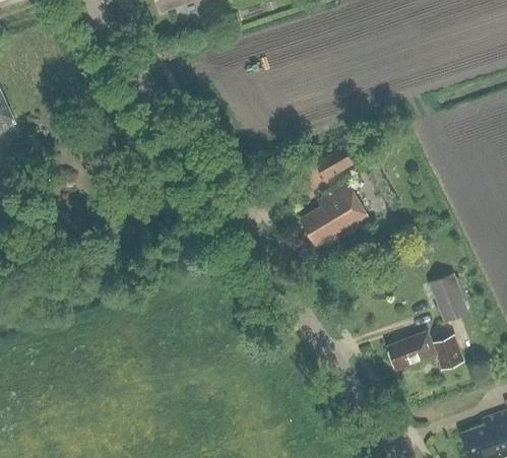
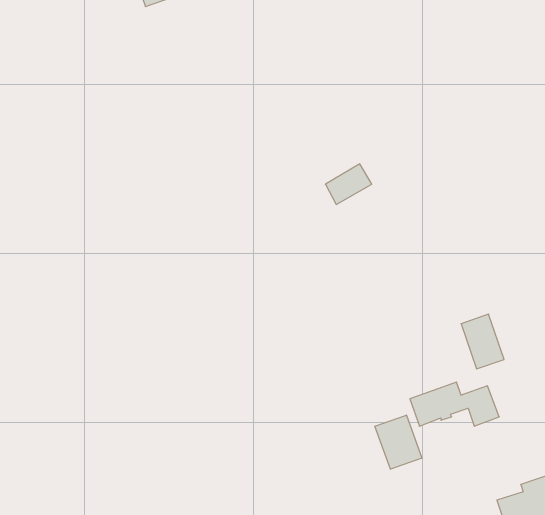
building: [300,184,369,246] -> none
building: none -> [375,415,422,469]

